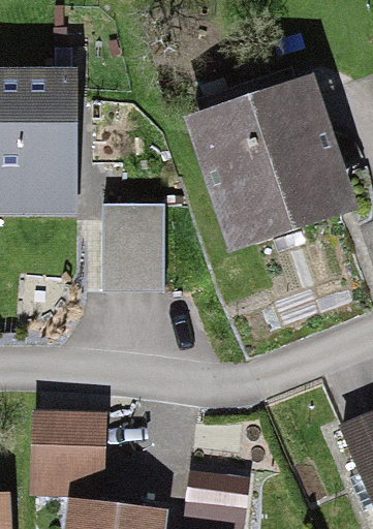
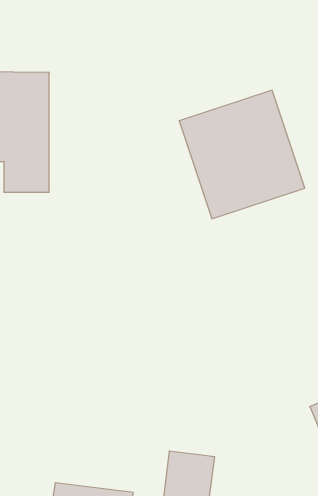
building: [103,203,164,289] -> none
building: [36,412,101,493] -> none

